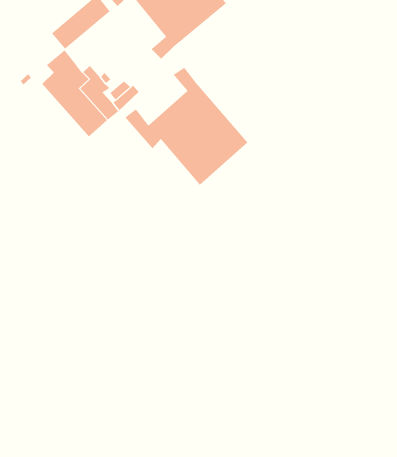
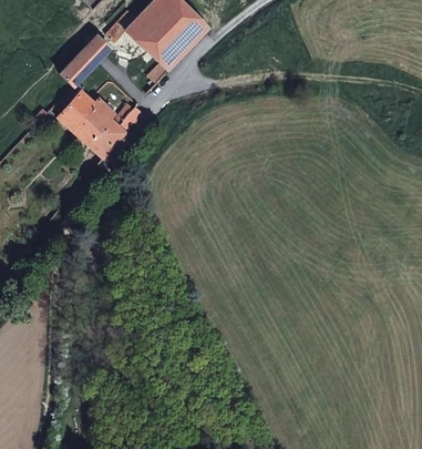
building: [125,67,248,185] -> none

